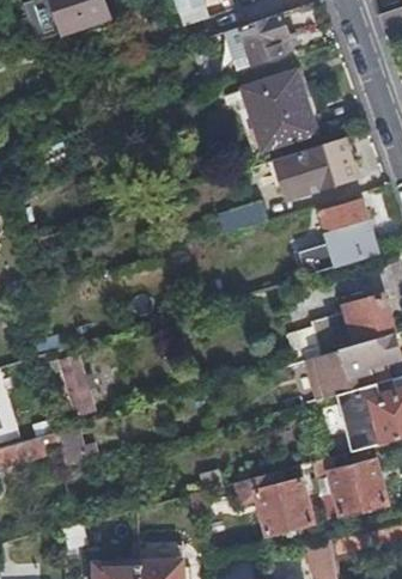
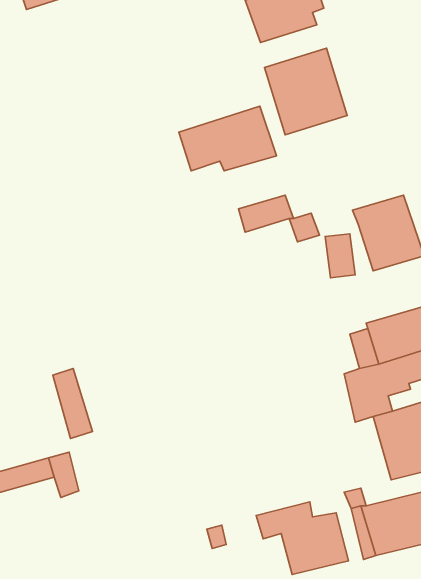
building: [273,139,358,195] -> [179,106,276,171]

